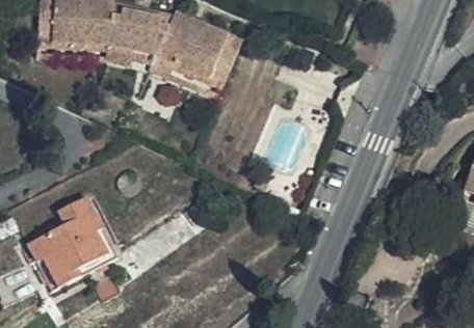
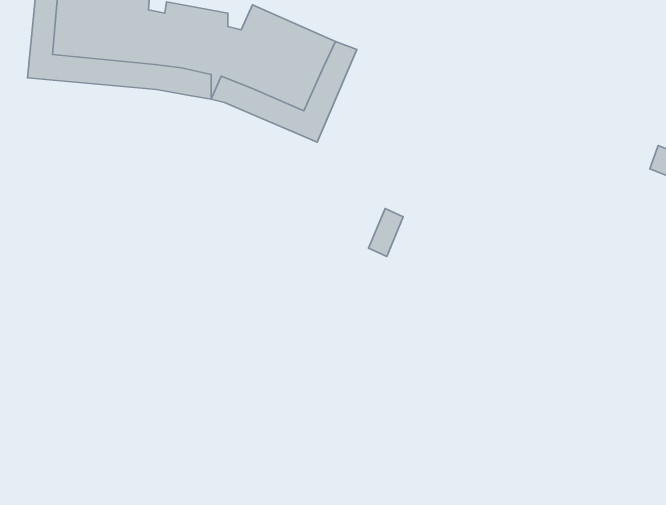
building: [26,195,115,289] -> none

